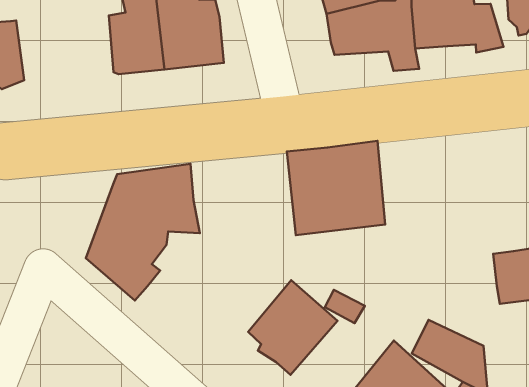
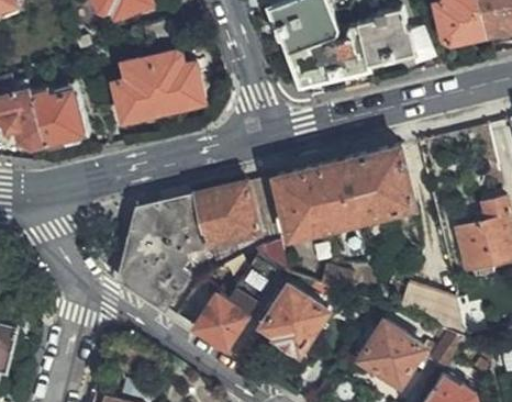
building: none -> [34,89,85,142]
building: none -> [345,138,418,221]
building: none -> [193,178,259,248]
building: none -> [191,260,272,355]

